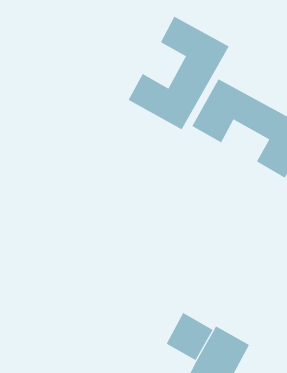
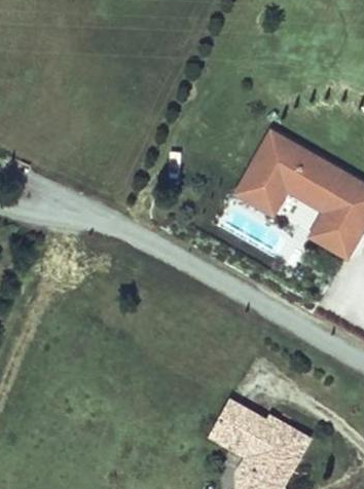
building: [128,16,230,130] -> none

